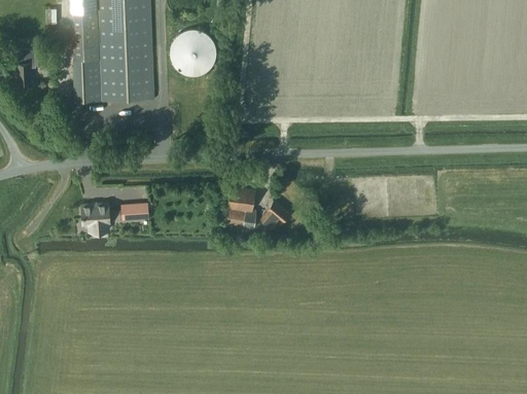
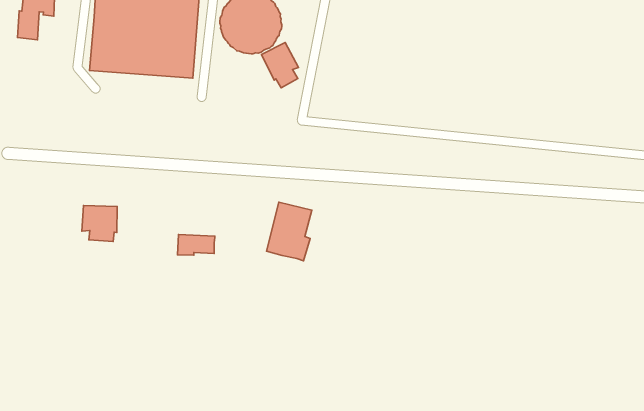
building: none -> [262,42,298,88]
building: [260,201,290,230] -> none
building: [121,204,150,221] -> [177,235,215,255]

